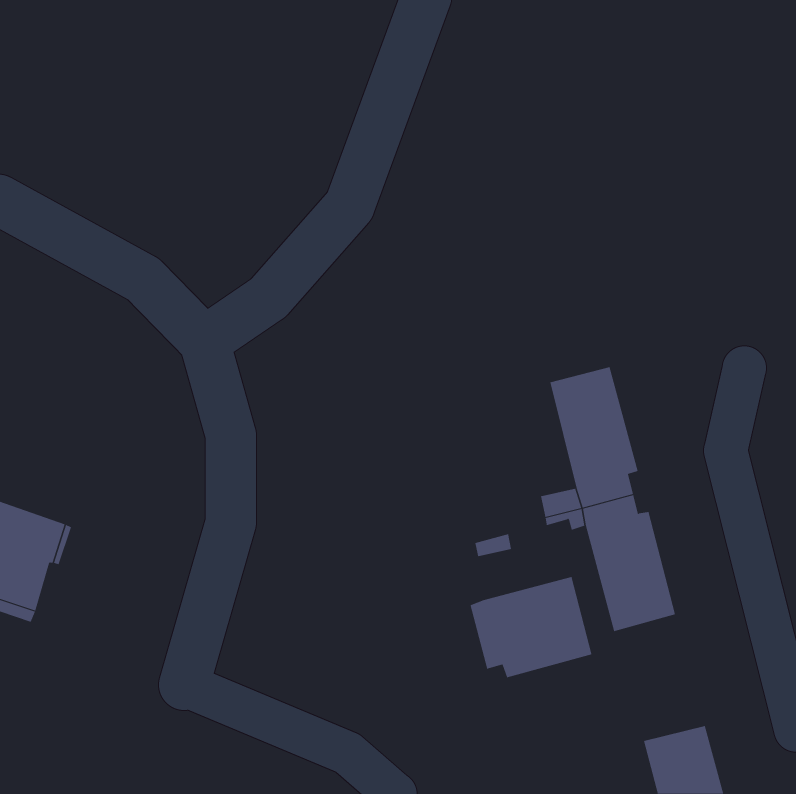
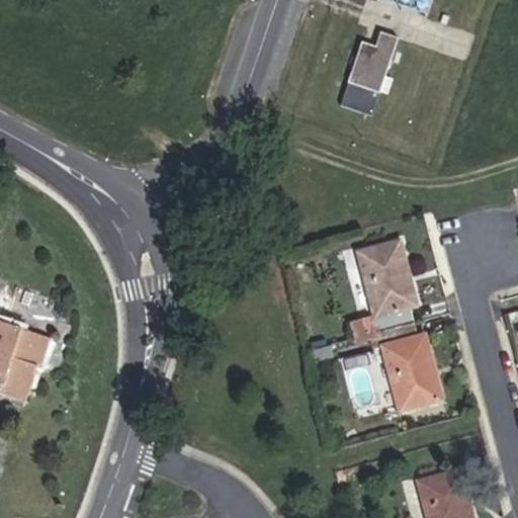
building: none -> [341,30,398,114]
building: [470,576,592,678] -> none

